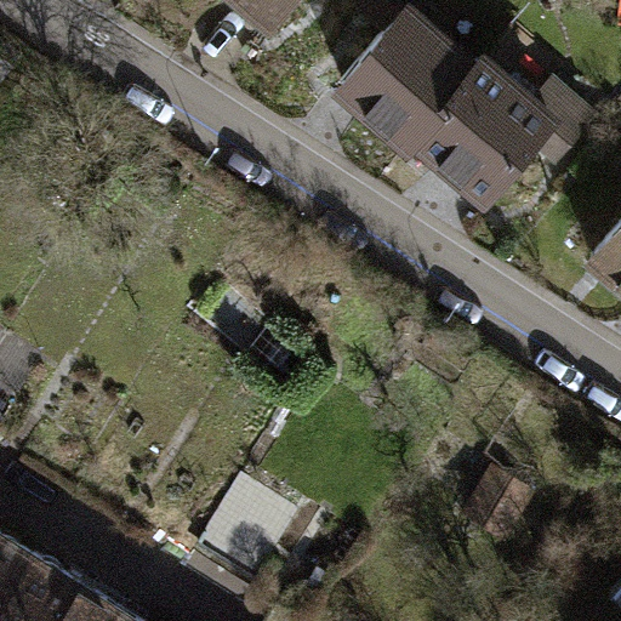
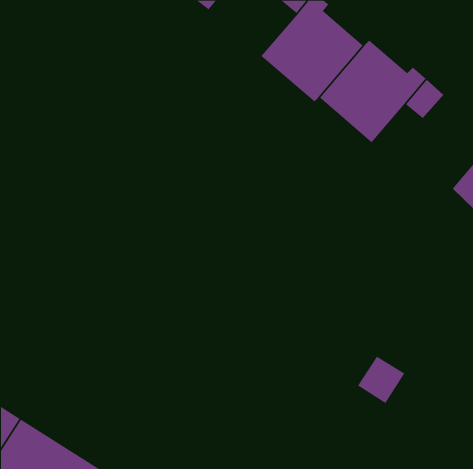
building: [201,479,297,579] -> none

